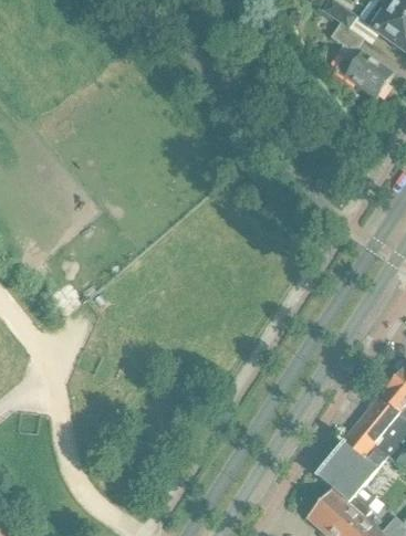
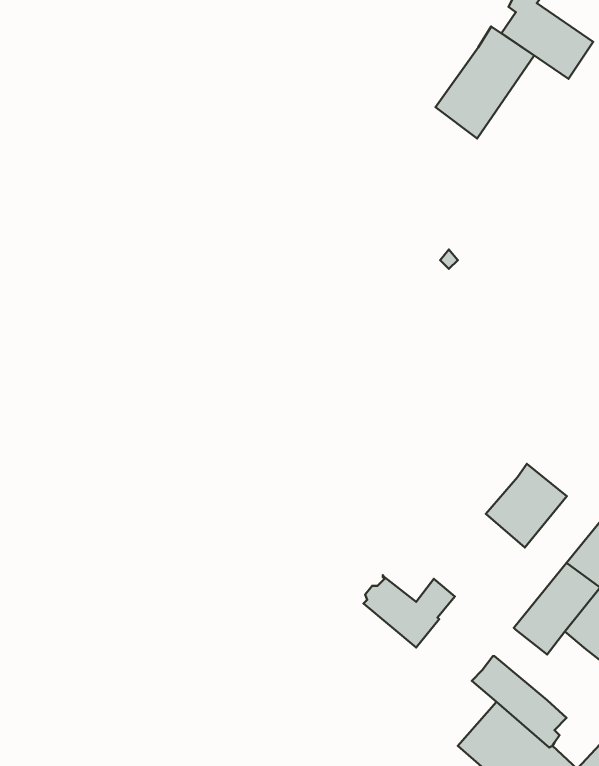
building: none -> [436,27,534,139]
building: none -> [486,464,567,548]
building: [330,442,387,487] -> [364,575,455,647]

